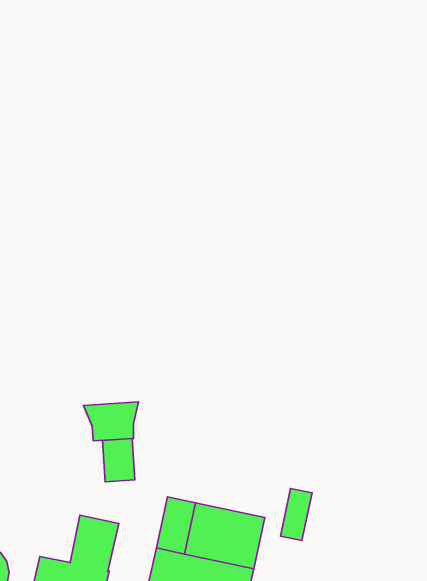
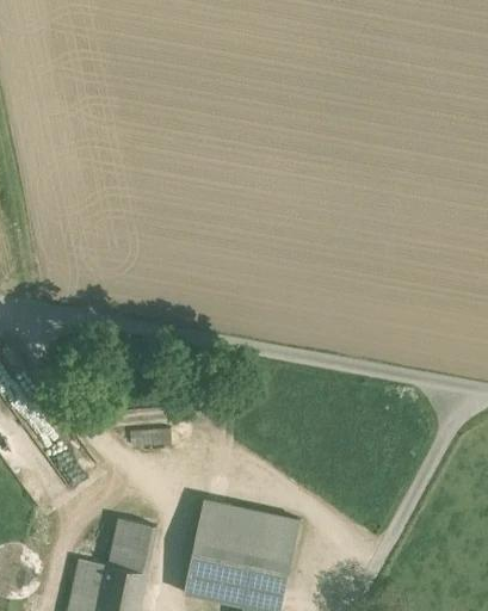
building: [102,438,135,482] -> none
building: [281,488,312,541] -> none

